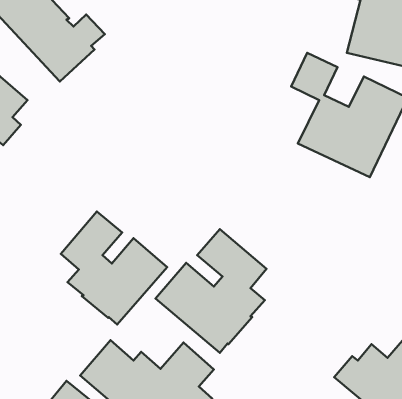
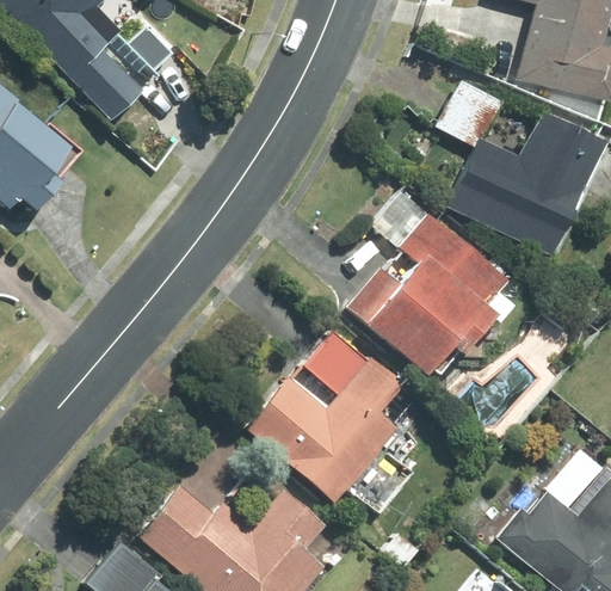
building: none -> [347,193,507,375]
building: [61,211,167,325] -> none

